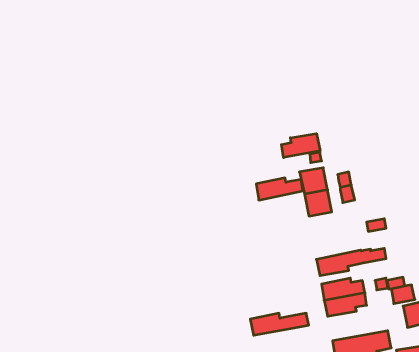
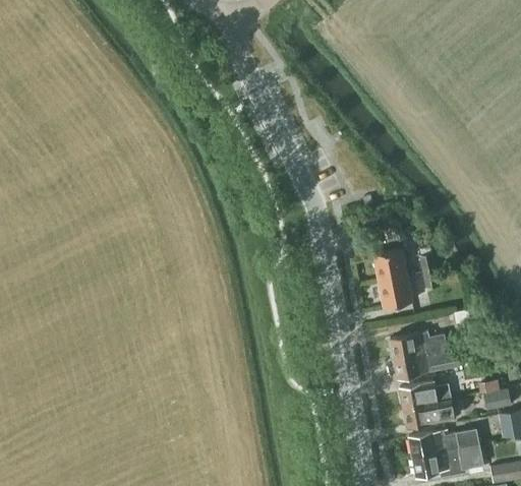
building: [281,134,320,158] -> none
building: [256,178,303,200] -> [391,332,447,359]
building: [250,313,309,335] -> [409,430,479,457]

